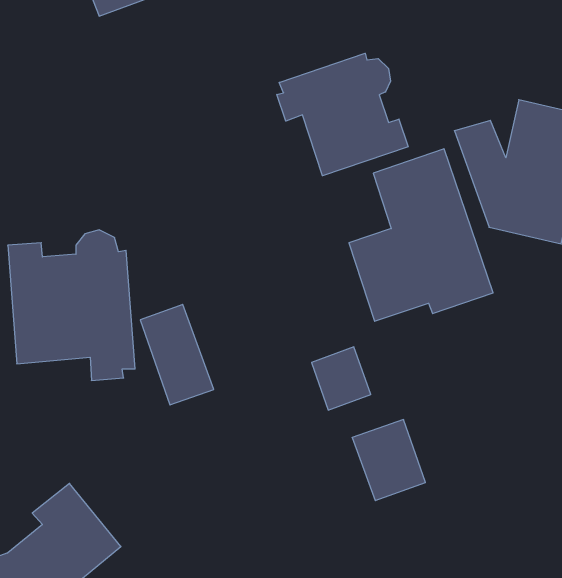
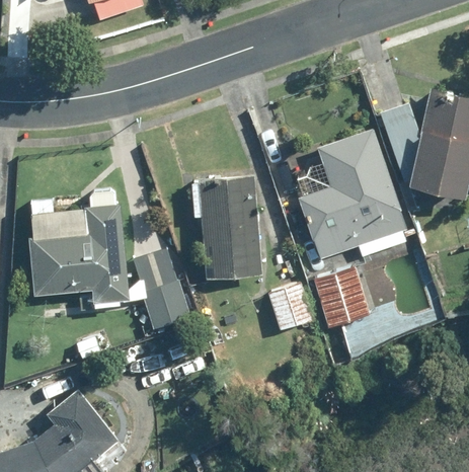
building: [277,53,408,176] -> none
building: none -> [190,176,263,278]
building: [352,420,425,501] -> [312,265,370,329]

